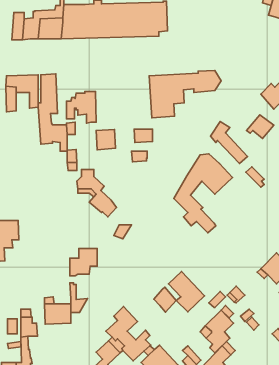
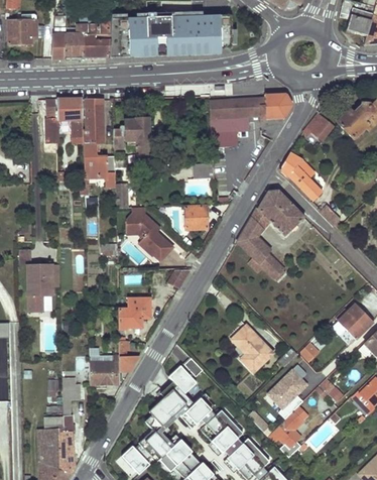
building: [247,115,274,138] -> [302,113,334,140]
building: [96,130,116,150] -> [184,207,207,230]
building: [154,287,176,312] -> none

